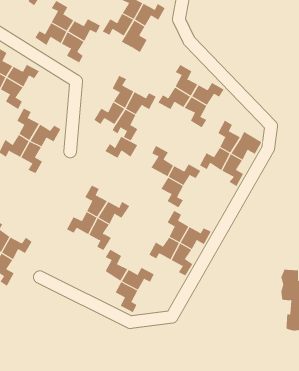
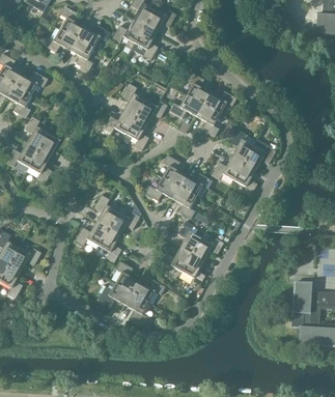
building: [105,136,138,158] -> [144,176,178,199]
building: none -> [97,282,131,306]

